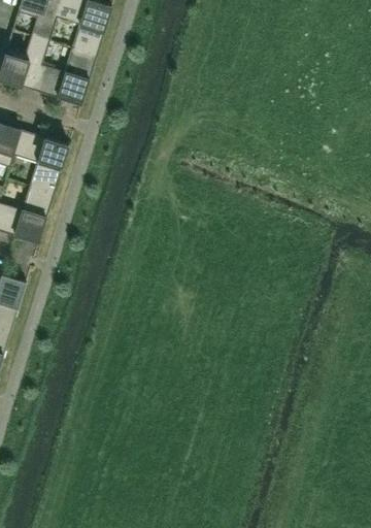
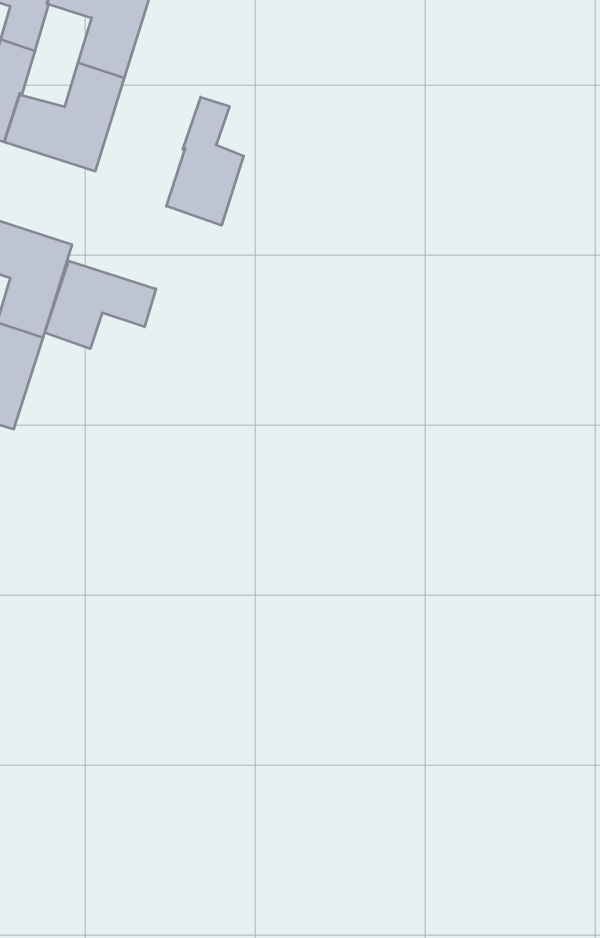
building: none -> [166,97,244,225]
building: none -> [45,261,156,349]

